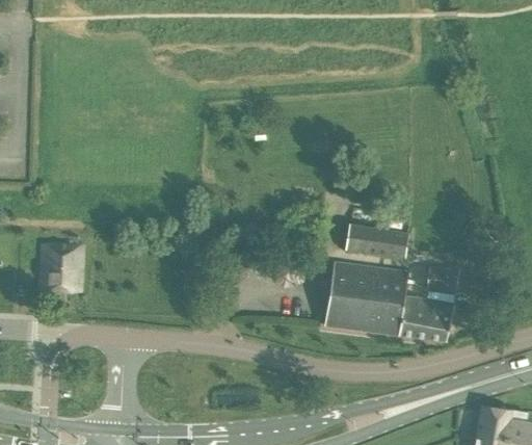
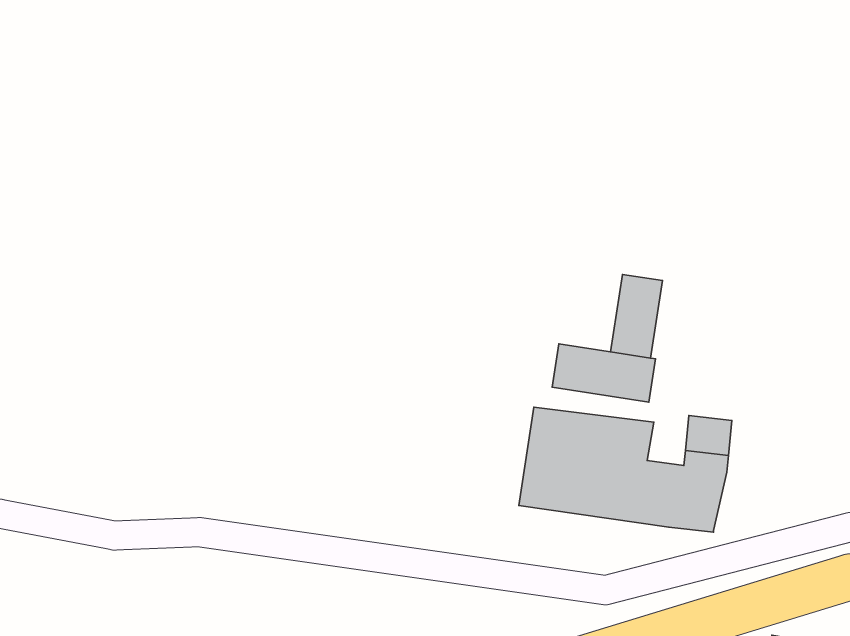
building: none -> [611,274,662,358]
building: [41,244,84,291] -> none

